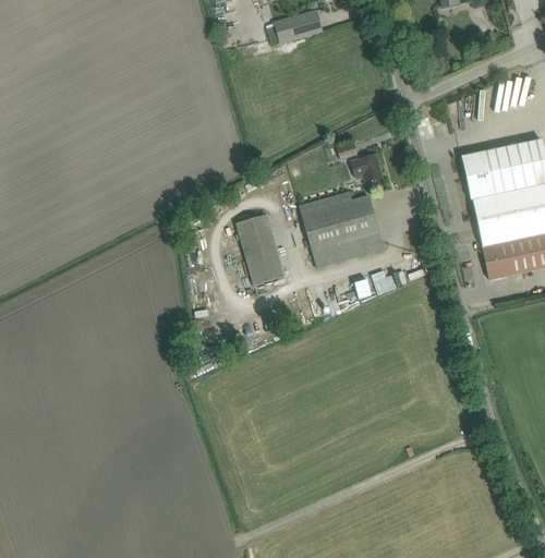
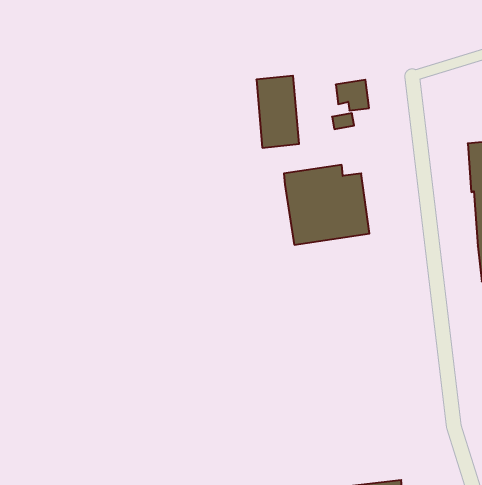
building: [350,153,383,182] -> [336,80,369,110]
building: [245,211,291,280] -> [256,76,299,148]

